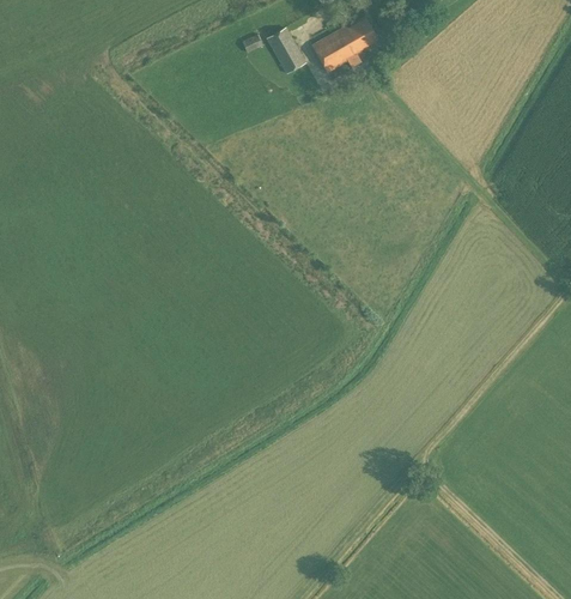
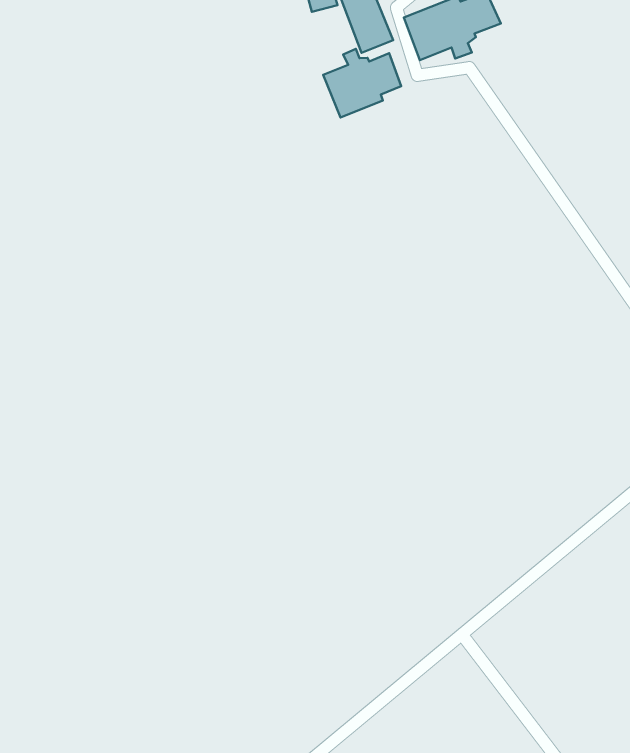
building: none -> [323,49,401,117]

